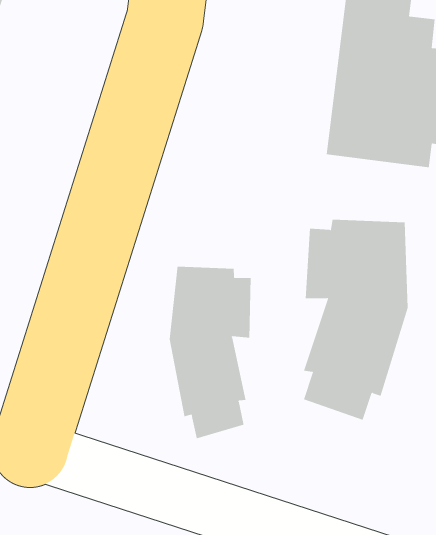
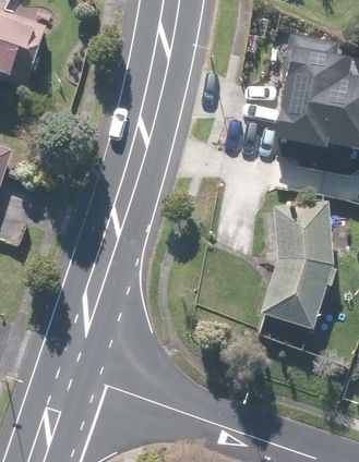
building: [169,266,251,439] -> none

